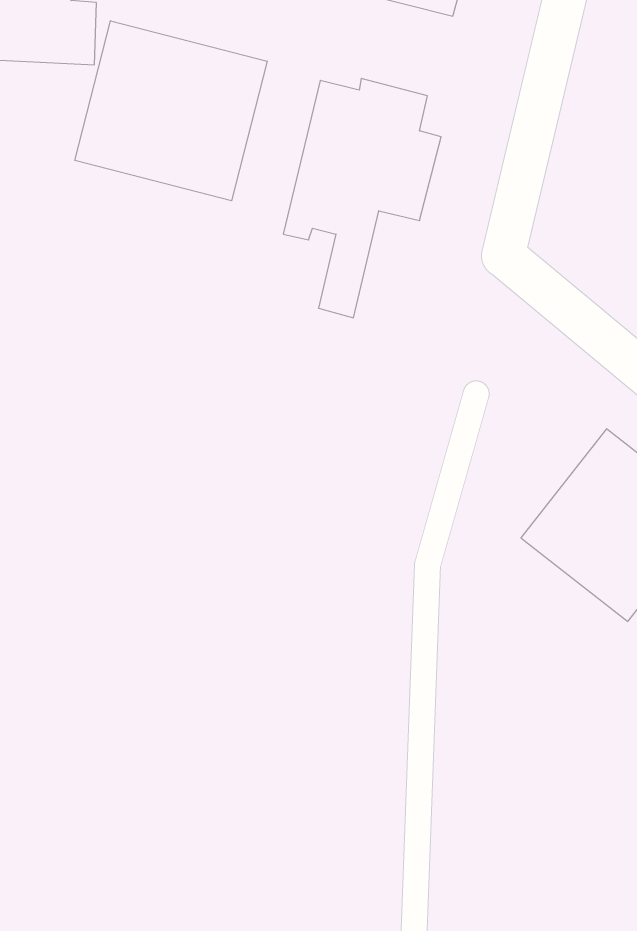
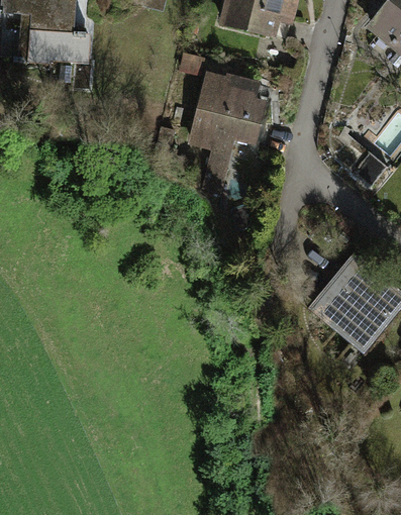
building: [75,21,267,201] -> none

